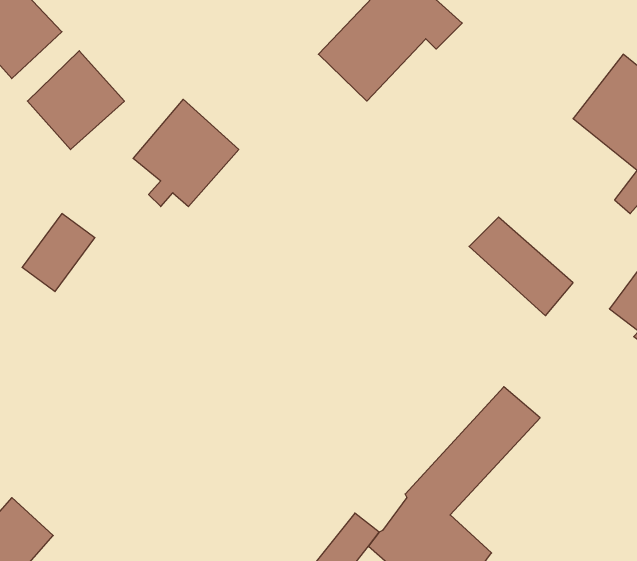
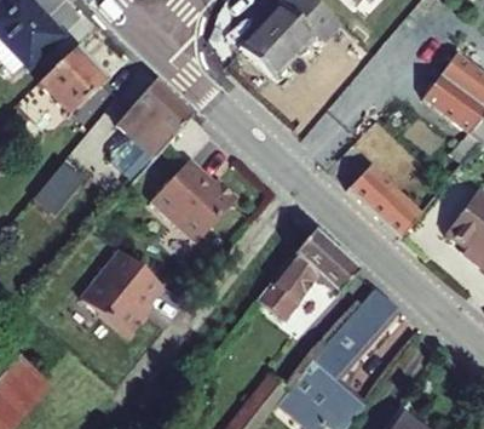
building: none -> [149,160,235,242]
building: none -> [257,228,355,314]
building: none -> [77,251,160,337]

